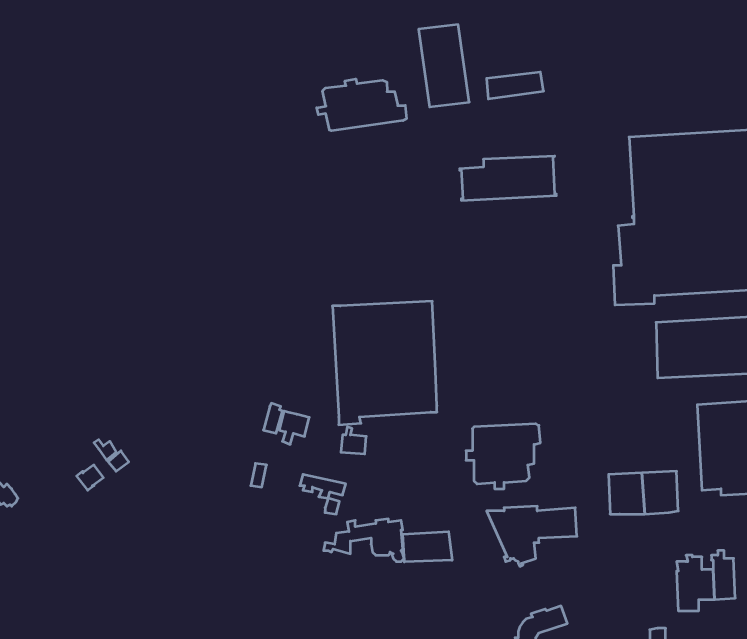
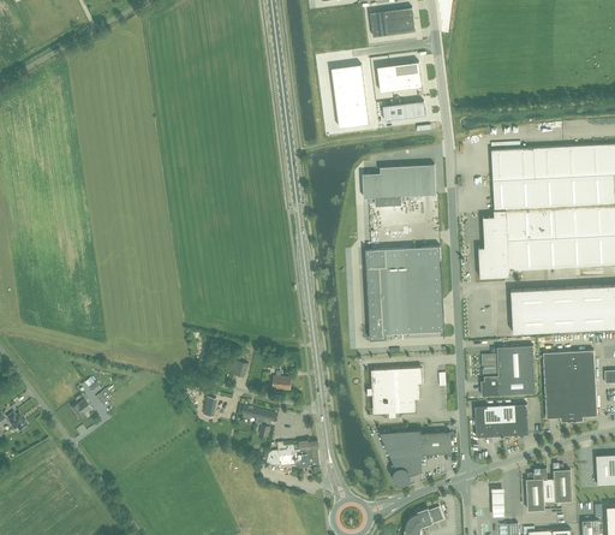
building: none -> [376,61,422,93]
building: [317,79,406,131] -> none
building: [332,301,437,425] -> [364,246,443,340]
building: none -> [480,345,535,396]
building: [403,532,452,562] -> none

